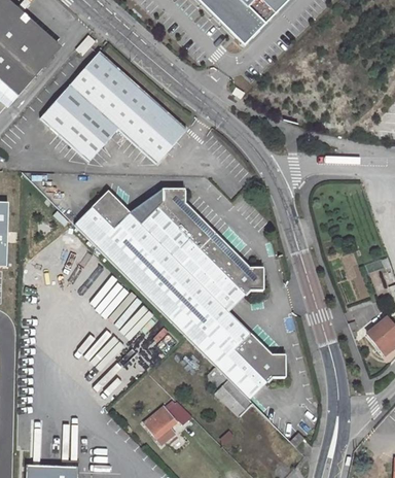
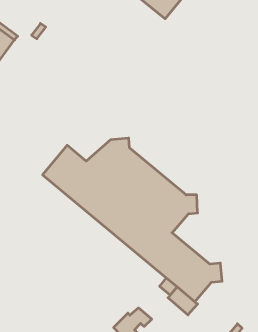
building: [41,52,186,163] -> none

